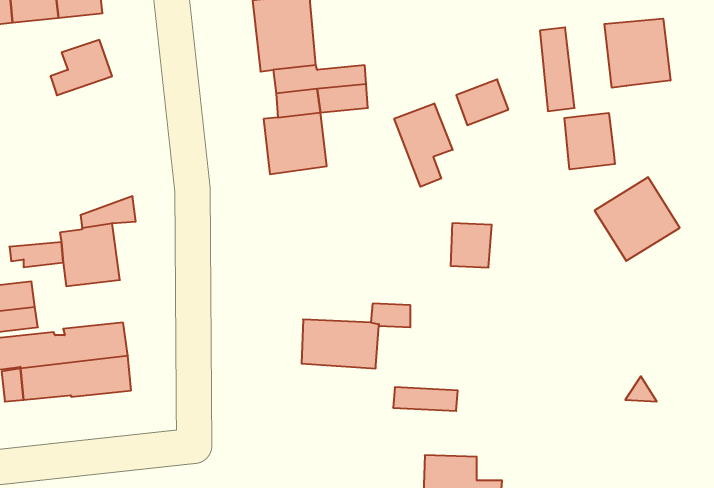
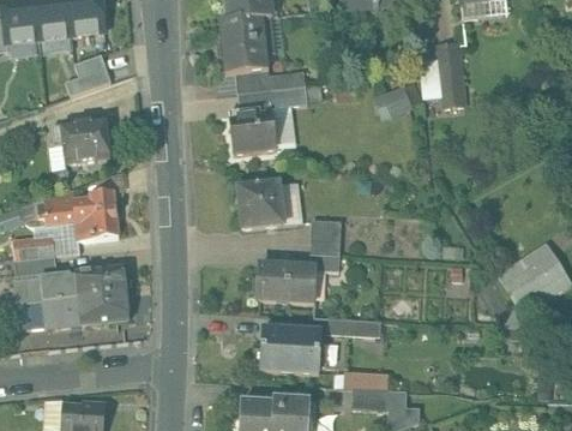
building: [604,19,670,88] -> none
building: [394,103,453,187] -> none
building: [565,113,615,169] -> none
building: none -> [52,120,114,169]
building: [595,177,680,261] -> [498,249,562,312]
building: none -> [239,185,282,229]
building: [451,223,492,267] -> [311,221,342,255]
building: none -> [259,329,320,372]

